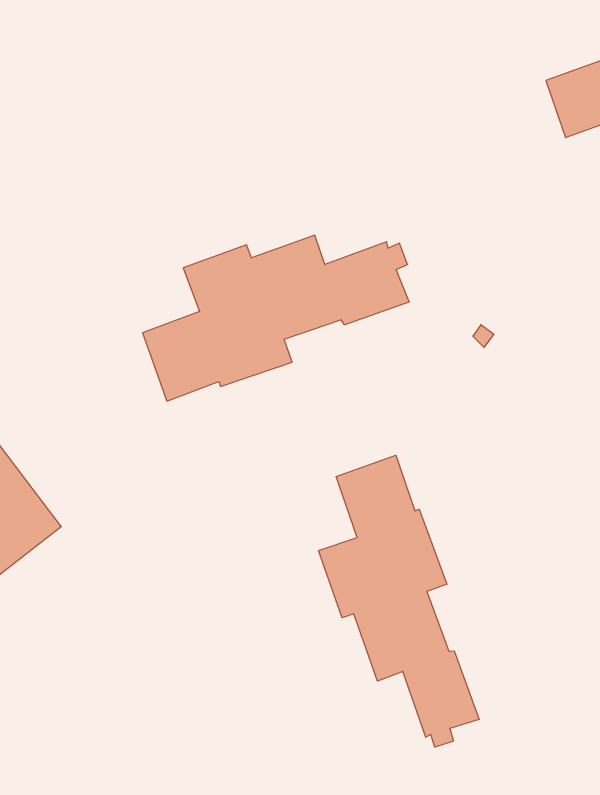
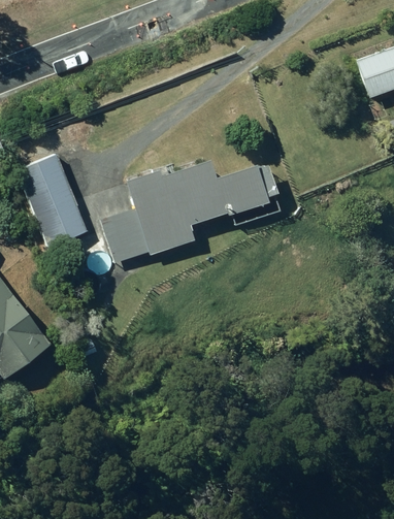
building: none -> [18,155,88,247]
building: [318,455,479,747] -> none

